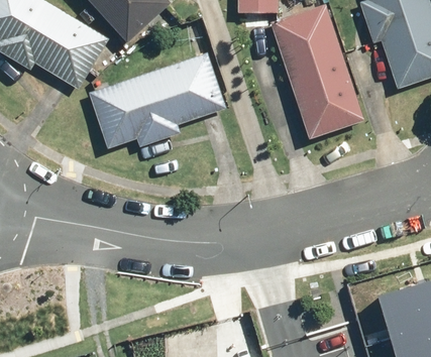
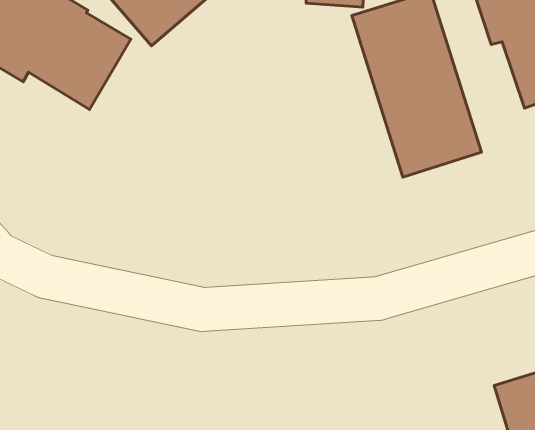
building: [89,53,227,148] -> none

